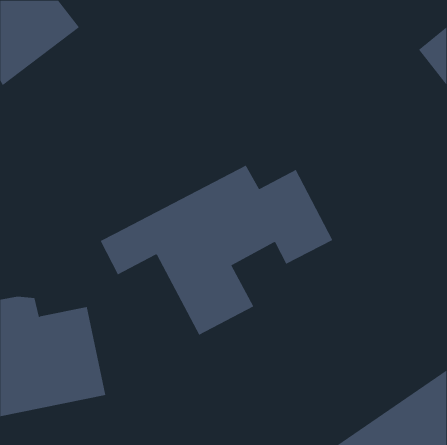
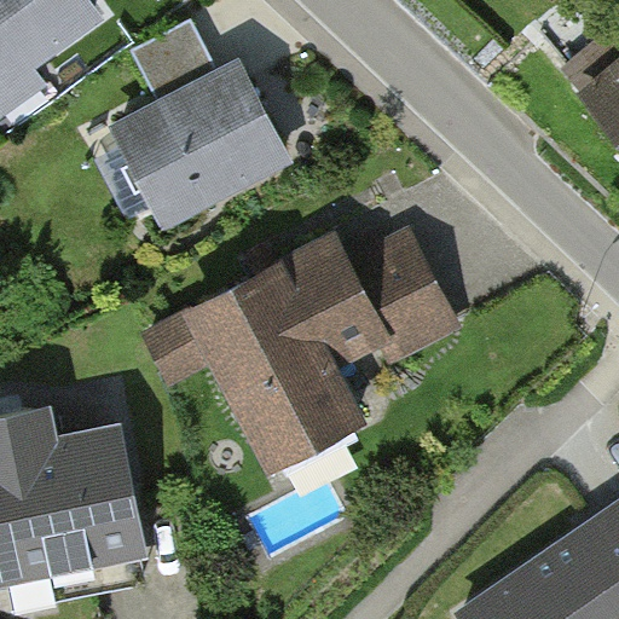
building: none -> [122,22,287,219]

